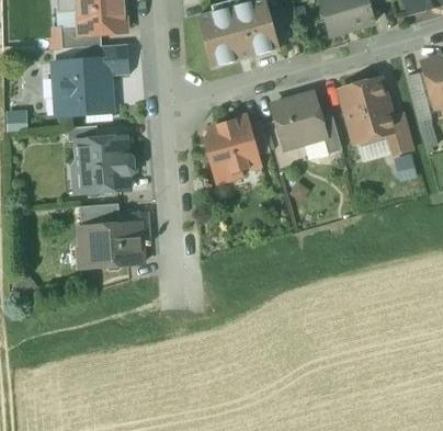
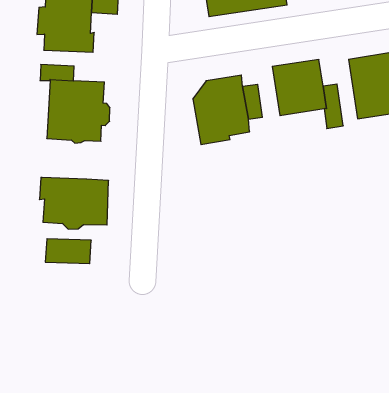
building: [79,203,120,227] -> [45,239,91,264]

